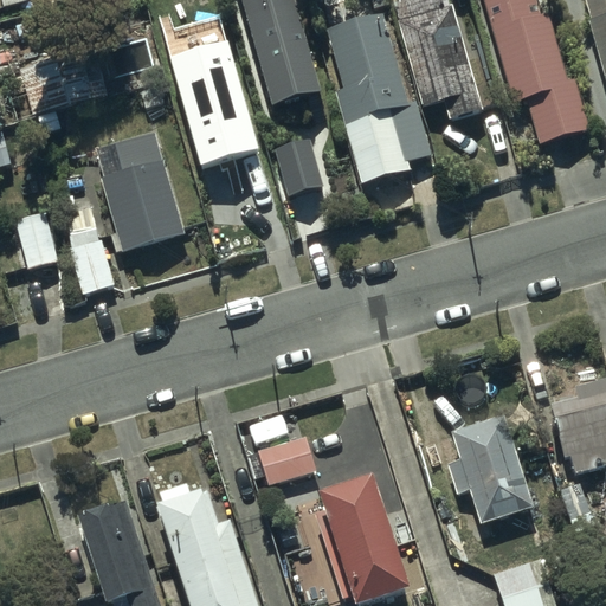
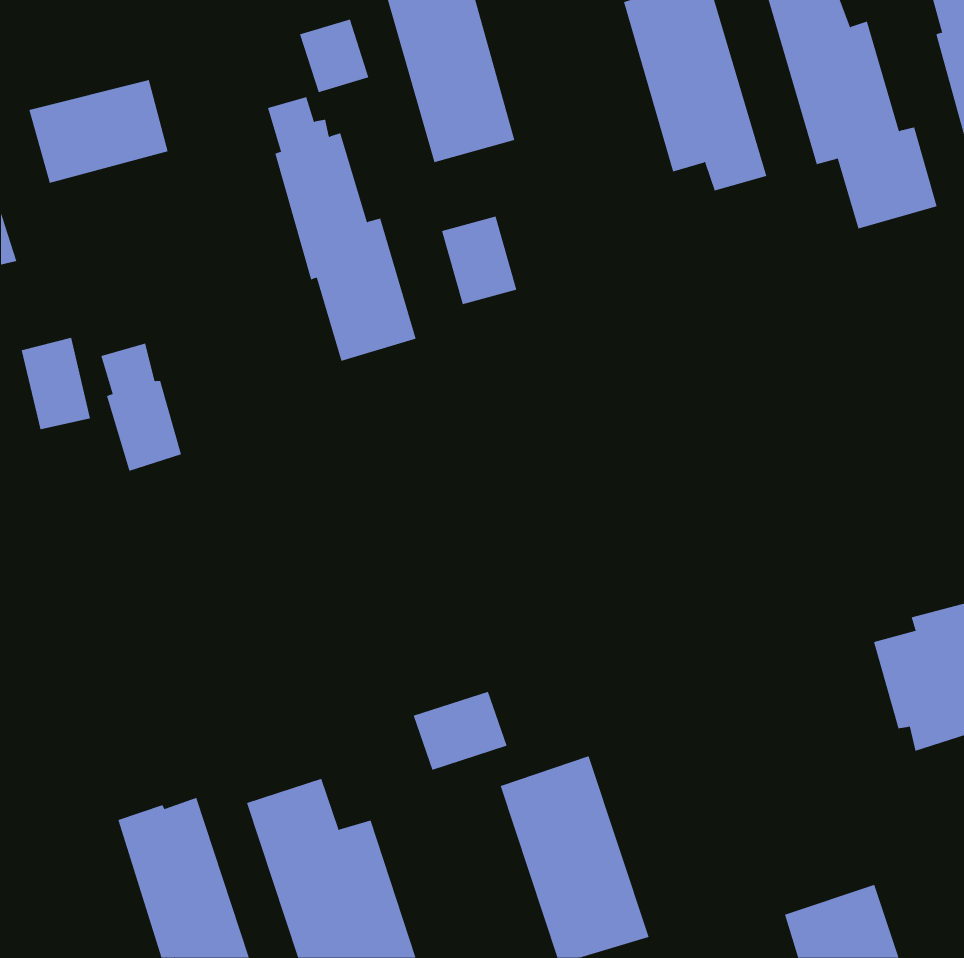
building: [325,14,432,185] -> none
building: [96,133,185,253] -> none
building: [451,410,546,560] -> none

